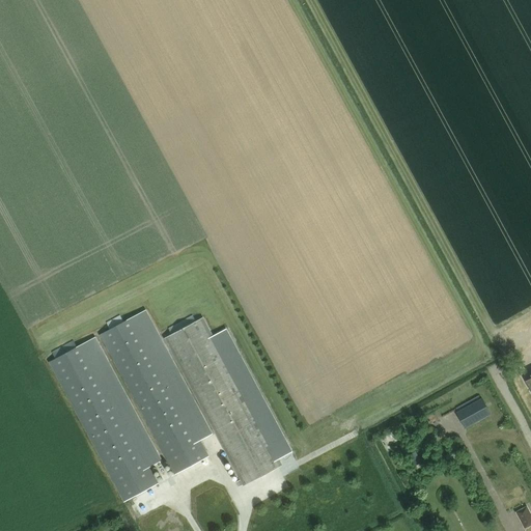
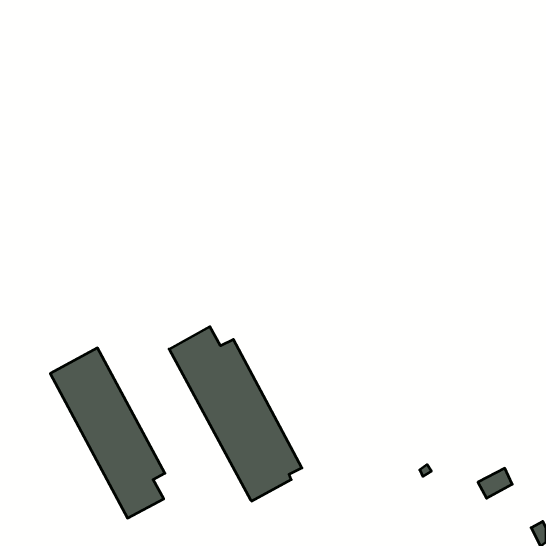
building: [100,310,209,475] -> none
building: [456,397,490,426] -> [478,468,512,498]

